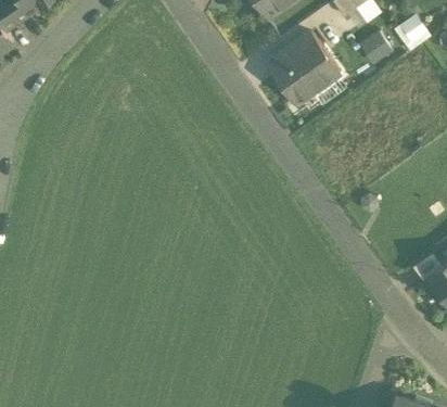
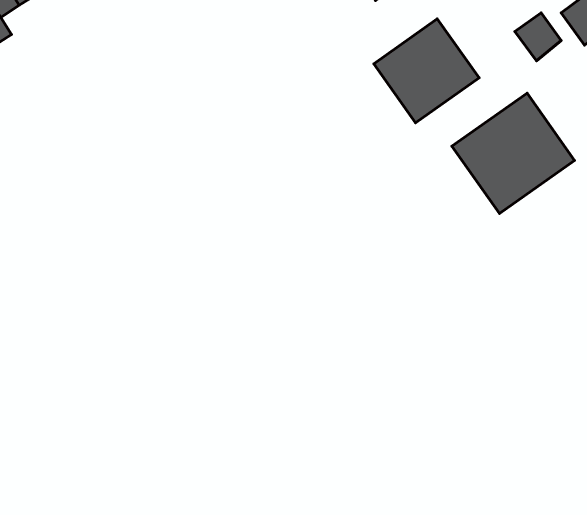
building: none -> [452,93,575,213]

